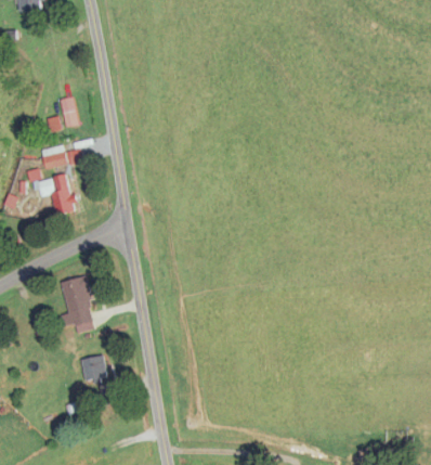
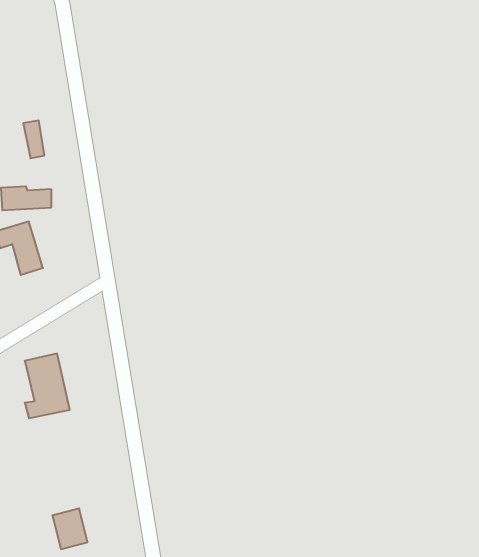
building: [81,354,108,386] -> [52,508,88,549]

